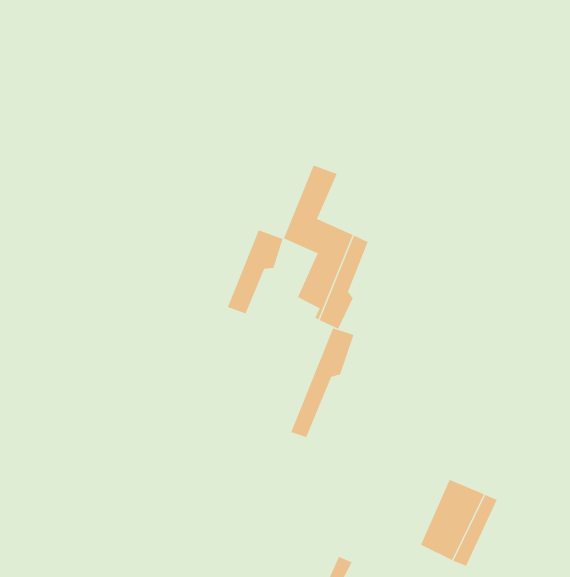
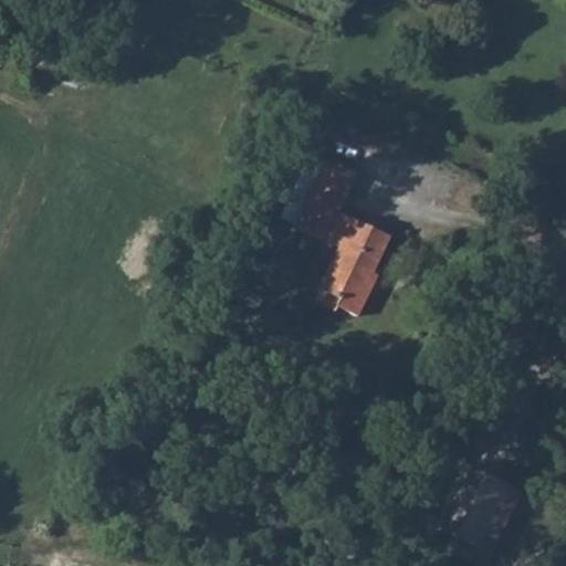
building: [227,230,283,314] -> none
building: [290,328,354,438] -> none

